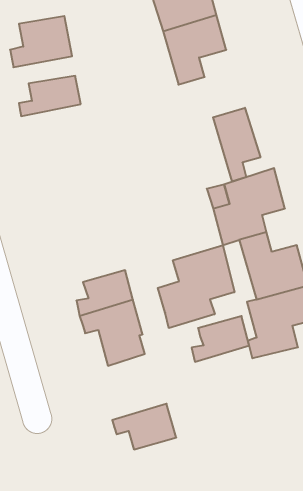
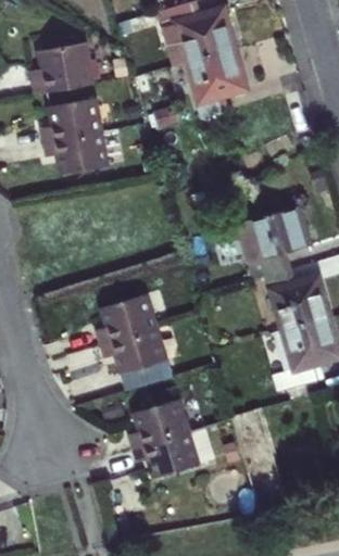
building: none -> [41,132,106,175]
building: [213,108,260,181] -> none
building: [158,245,234,328] -> none
building: [192,316,249,362] -> [129,403,187,448]

